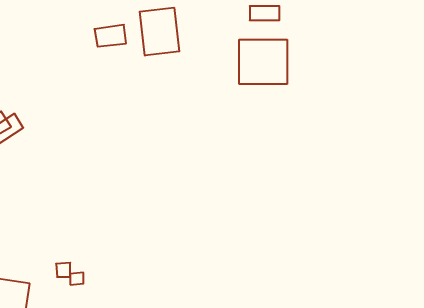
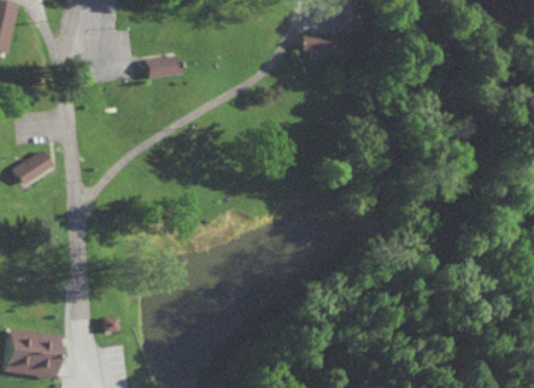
building: [140,8,179,56] -> none
building: [239,40,287,84] -> none

